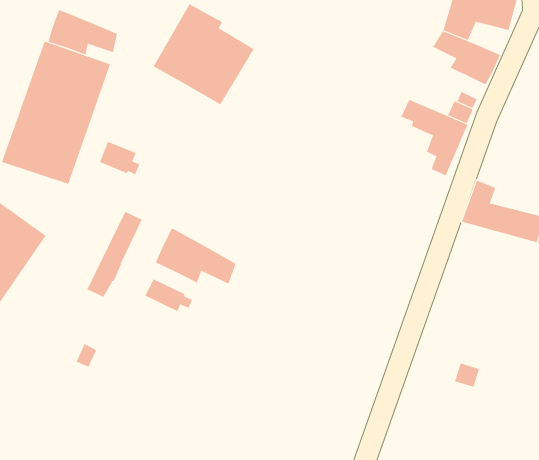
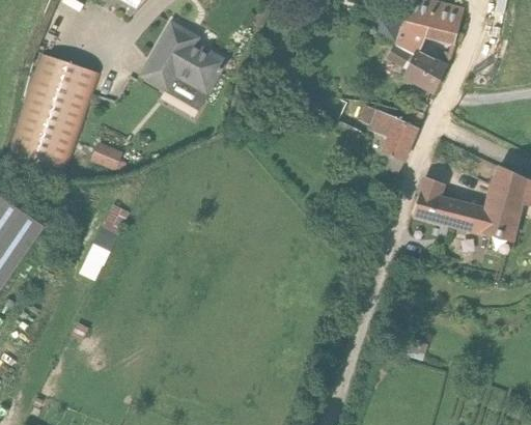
building: [48,9,117,55] -> none
building: [155,228,236,285] -> none
building: [145,279,193,312] -> none

